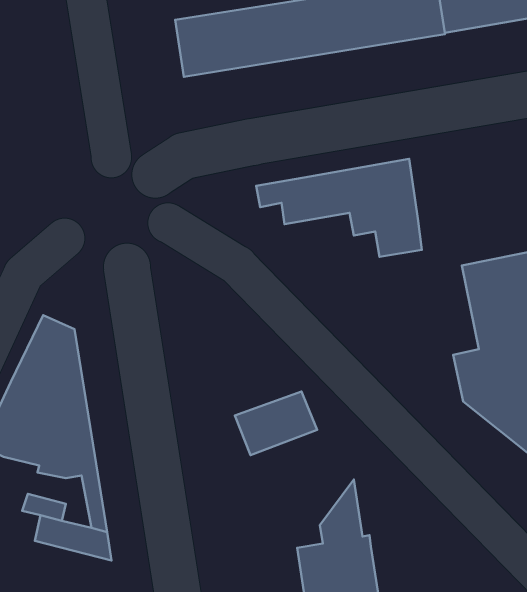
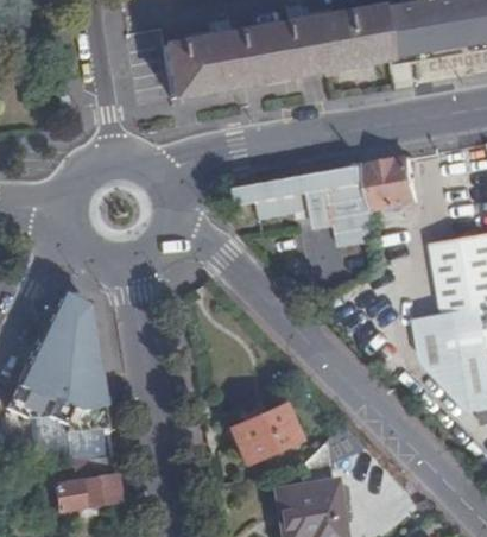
building: none -> [368,153,420,211]
building: [235,391,317,455] -> [233,405,302,459]

